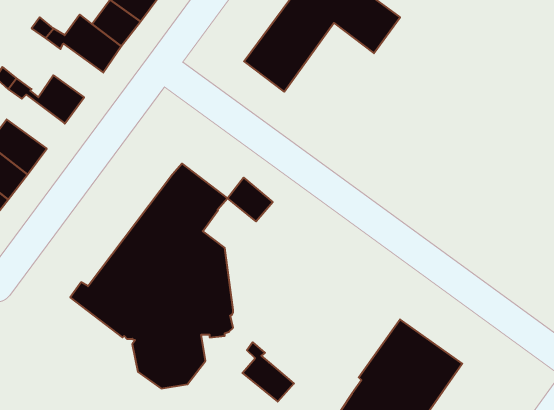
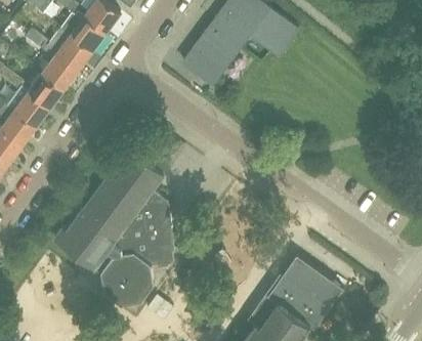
building: none -> [41,56,78,91]
building: none -> [6,89,49,129]
building: [228,178,273,221] -> none
building: [242,342,294,402] -> none

